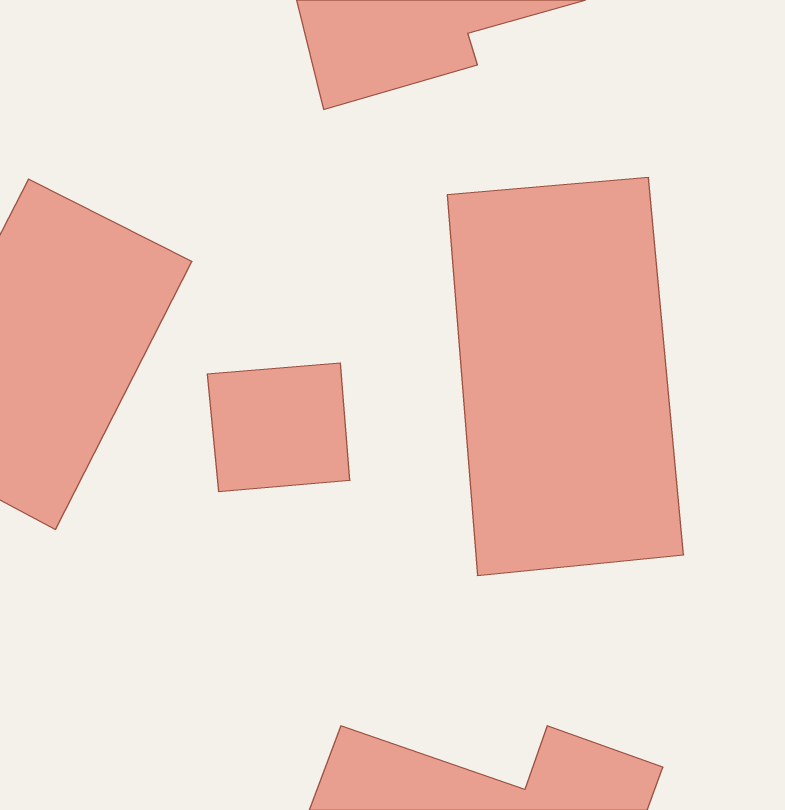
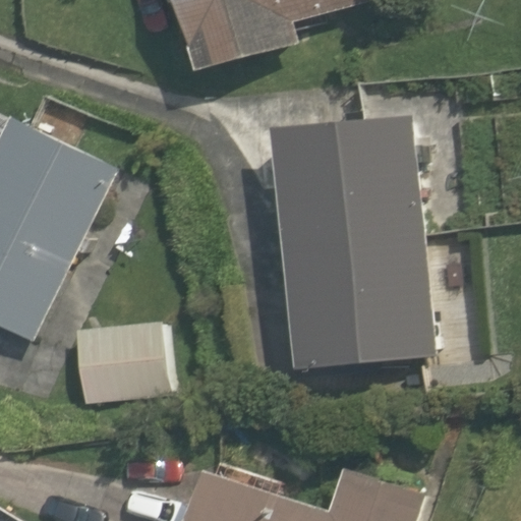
building: [207,363,350,491] -> [76,321,168,403]

